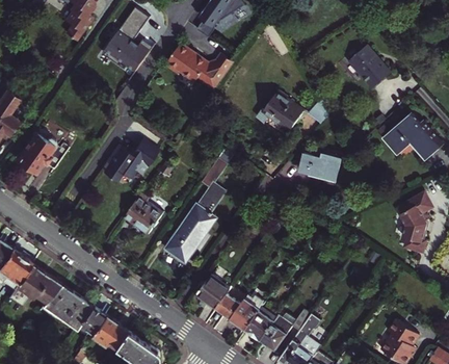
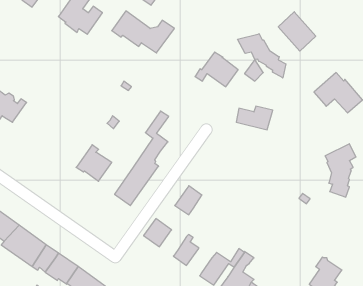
building: none -> [238,34,286,78]
building: [99,139,157,183] -> none
building: [216,286,246,318] -> [175,186,202,215]
building: [246,310,274,340] -> none

